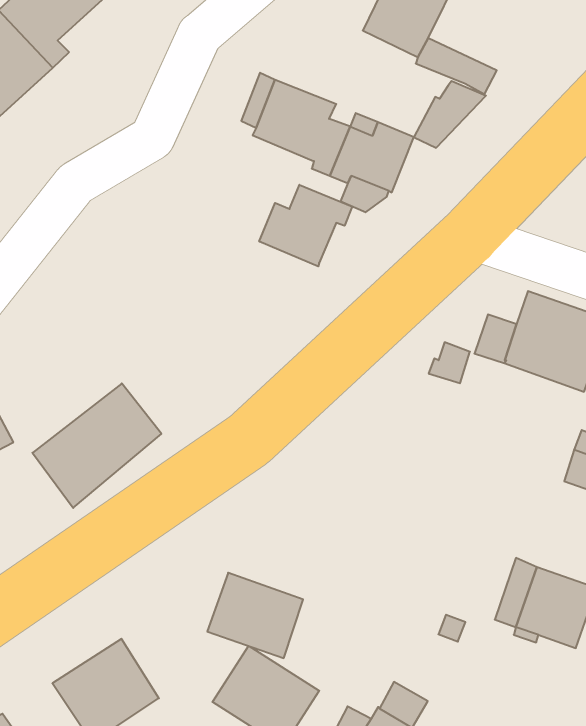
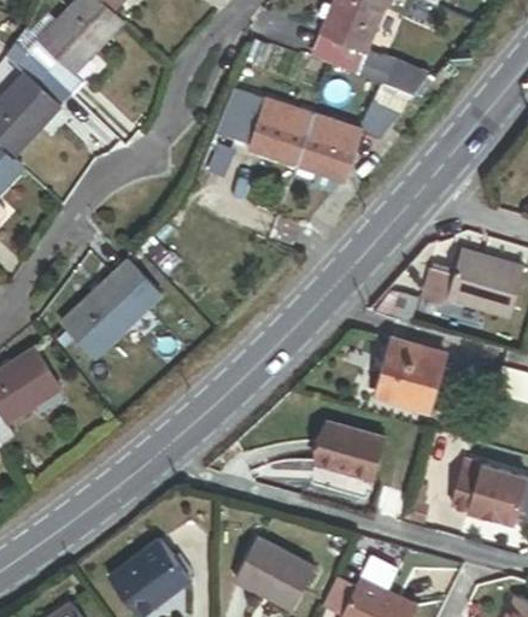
building: [259,185,352,266] -> none
building: [32,383,161,508] -> [61,264,162,364]
building: none -> [376,340,444,411]
building: [207,573,303,658] -> [312,416,386,480]

